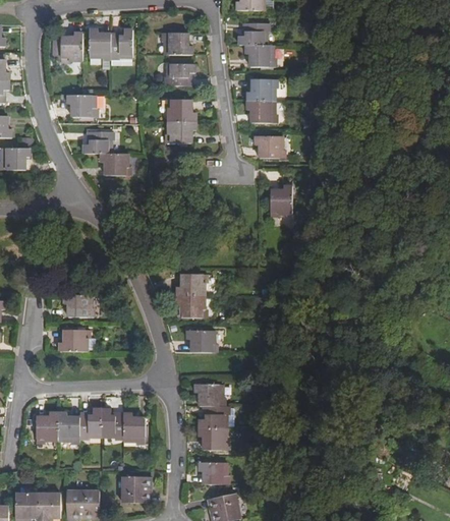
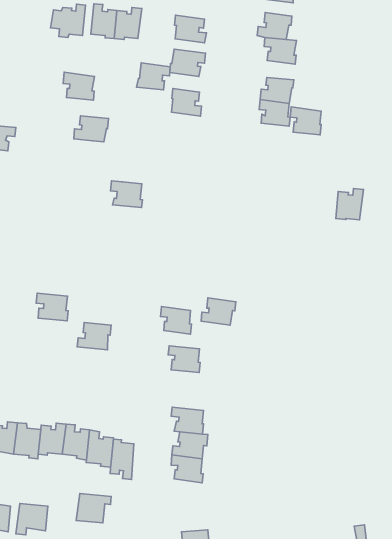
building: [167,120,195,142] -> [137,63,170,90]
building: [256,135,284,158] -> [290,107,321,135]
building: [101,153,130,174] -> [110,181,142,208]
building: [270,185,292,214] -> [336,188,363,220]
building: [177,274,207,296] -> [201,298,236,325]
building: [60,329,89,351] -> [77,322,111,350]
building: none -> [110,439,134,479]
building: [200,462,229,483] -> none

